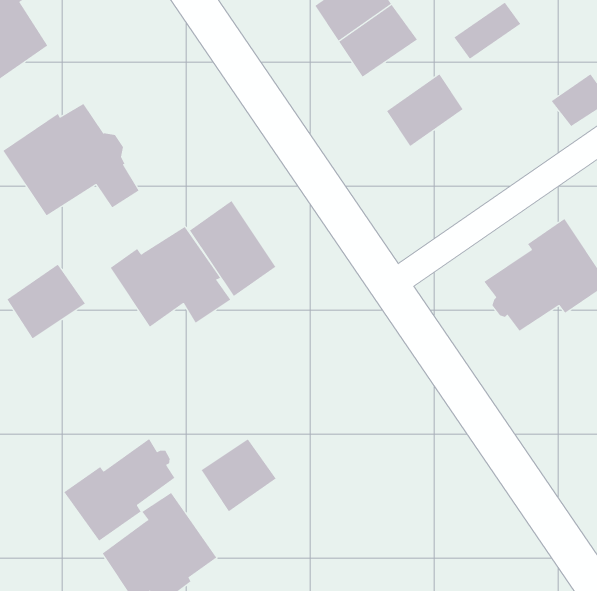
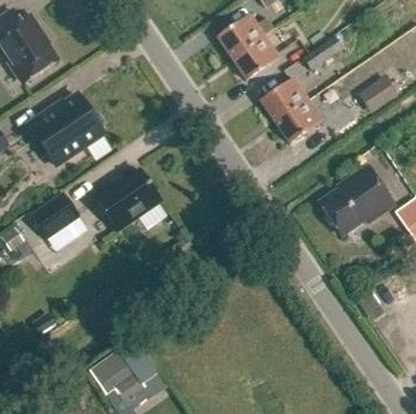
building: none -> [275,99,323,143]
building: [189,200,276,297] -> none
building: [63,438,175,542] -> none
building: [201,439,276,512] -> none

